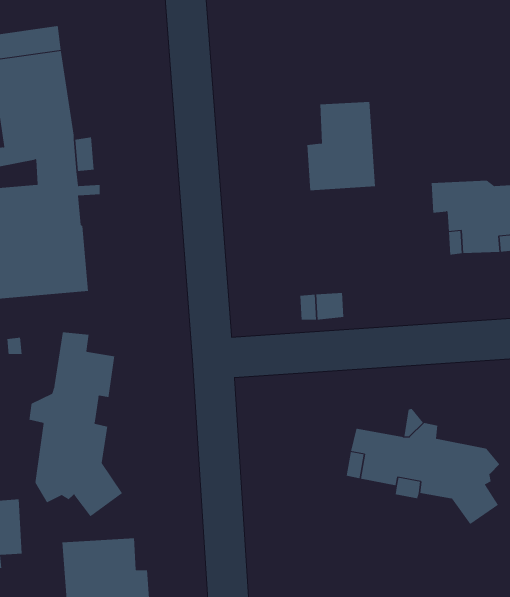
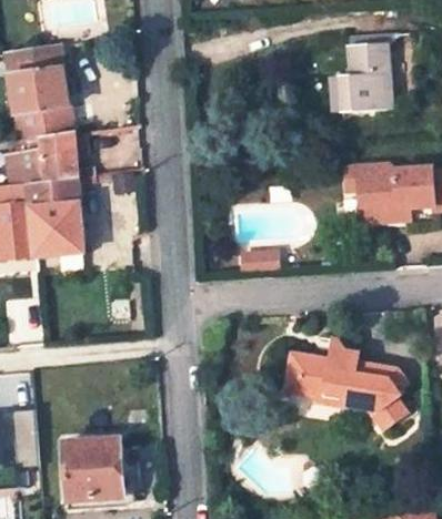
building: [307,101,376,191] -> [340,43,393,112]
building: [29,331,123,517] -> none

